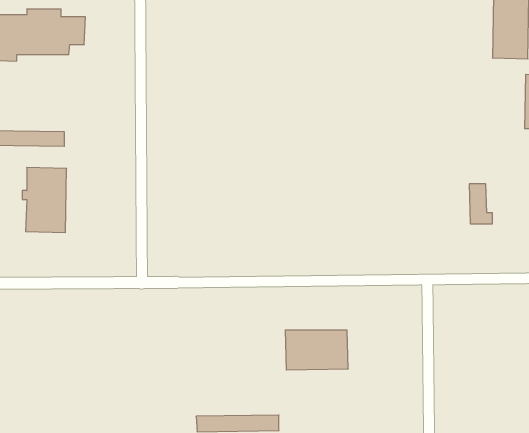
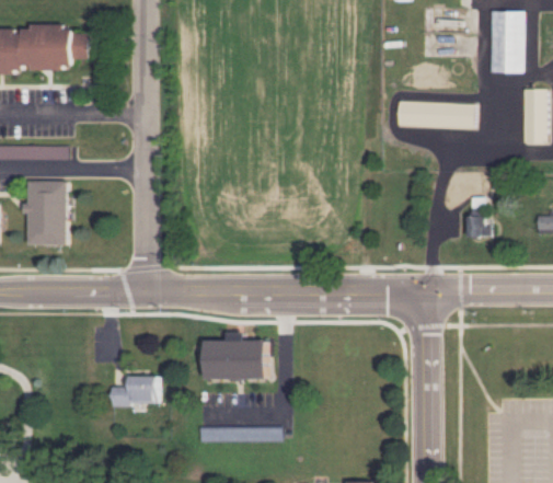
building: none -> [398,102,475,128]
building: [285,330,348,370] -> [204,341,266,380]
building: none -> [111,376,157,405]

